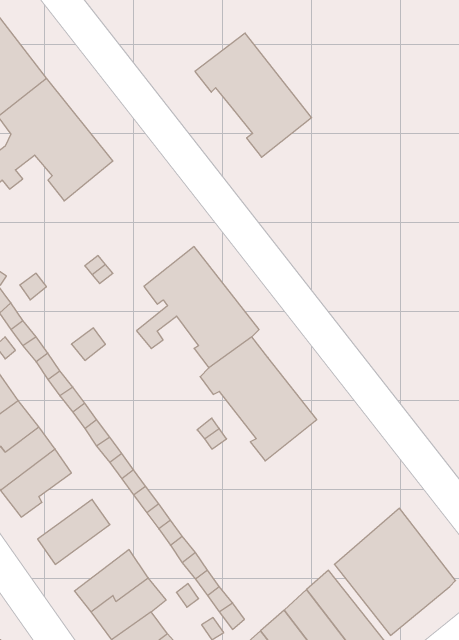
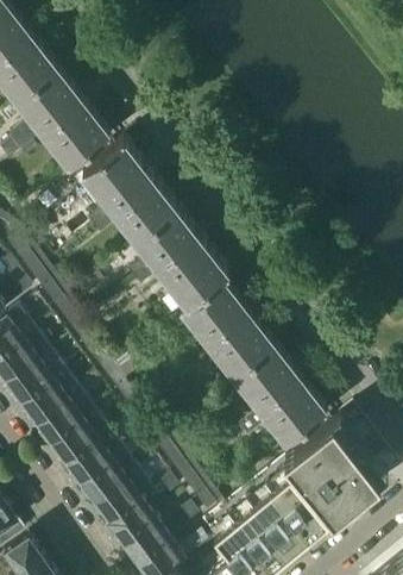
building: [195,33,312,157] -> [82,143,176,243]
building: none -> [223,350,328,452]
building: none -> [37,393,94,446]
building: none -> [64,435,124,488]

